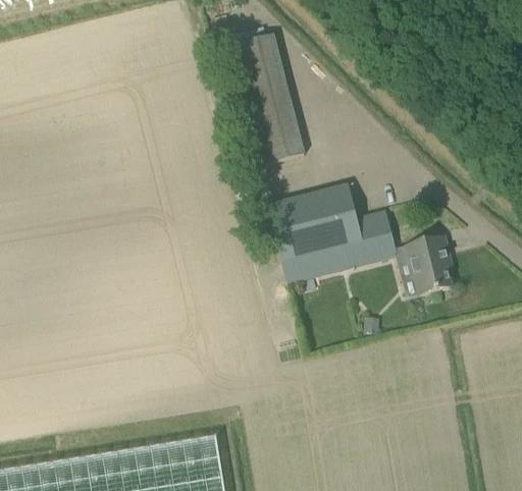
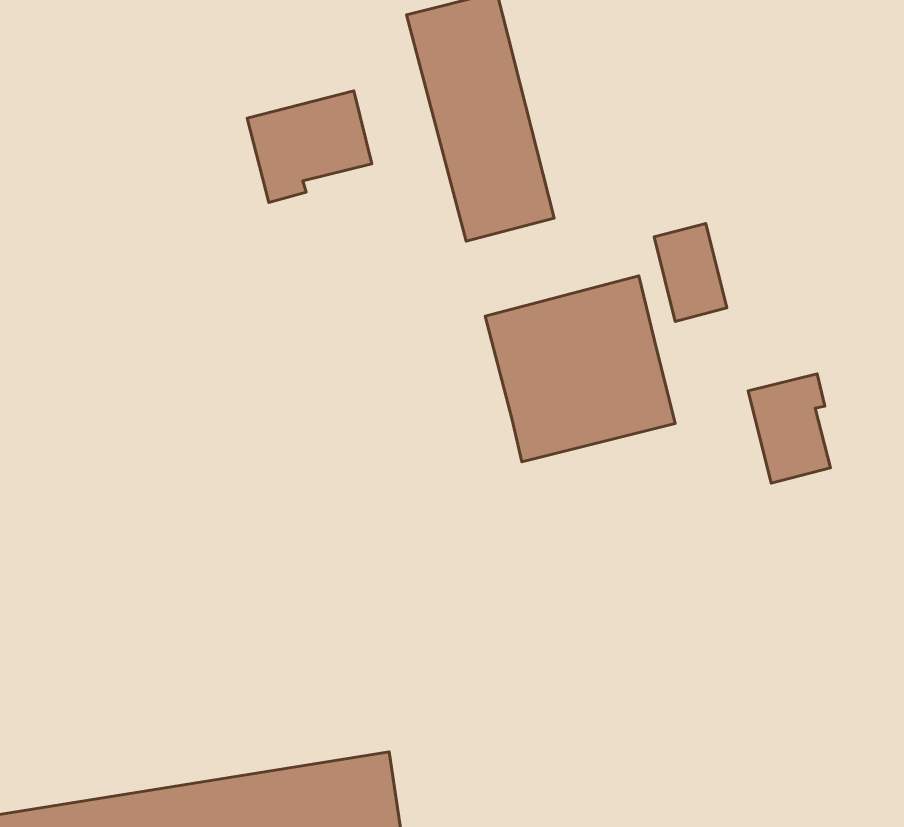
building: none -> [247,91,372,202]
building: [358,211,397,263] -> [654,224,727,321]

